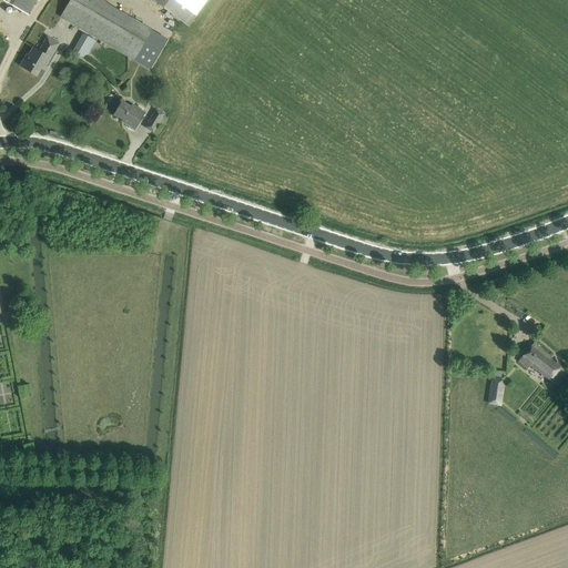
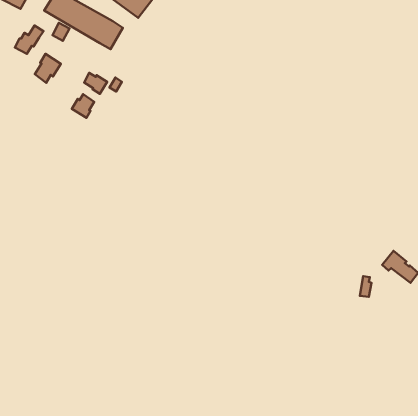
building: none -> [35,54,61,83]
building: none -> [72,94,94,118]

